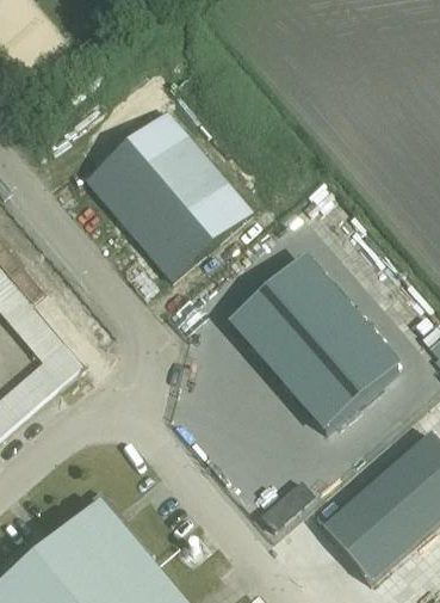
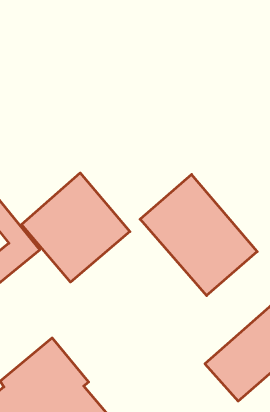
building: [82,98,264,281] -> none
building: none -> [22,173,130,282]

